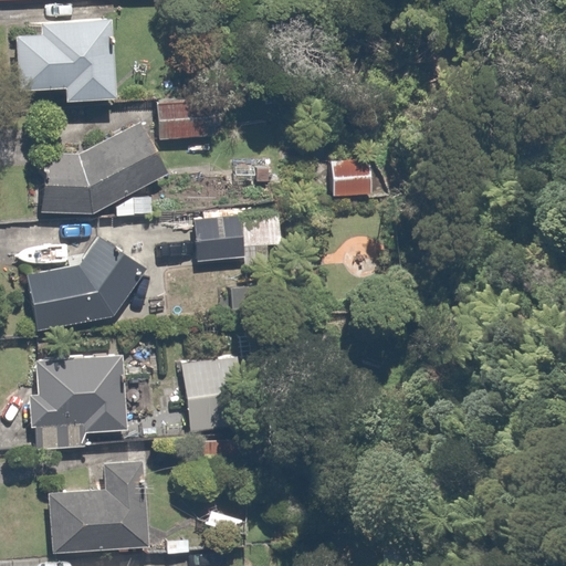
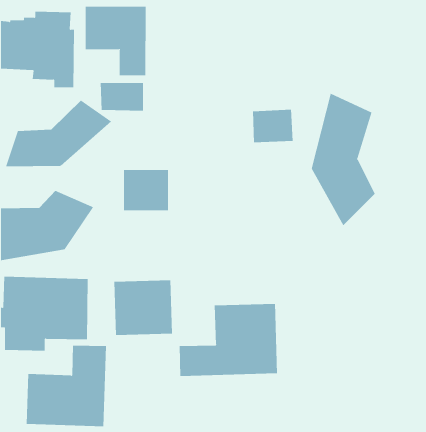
building: none -> [85,6,146,76]
building: none -> [311,93,376,226]
building: none -> [179,303,278,377]

